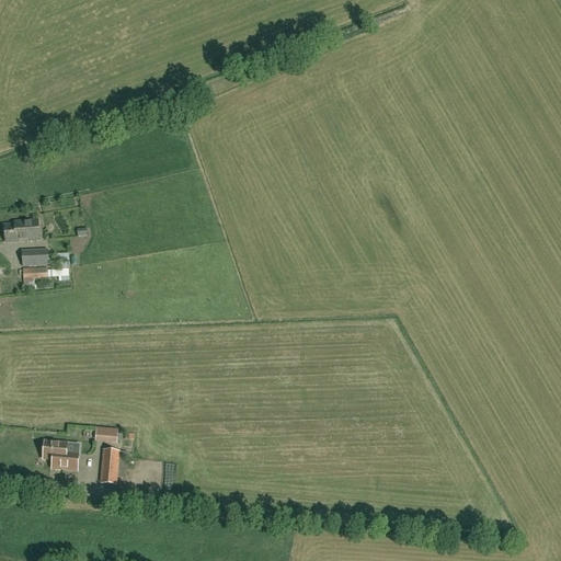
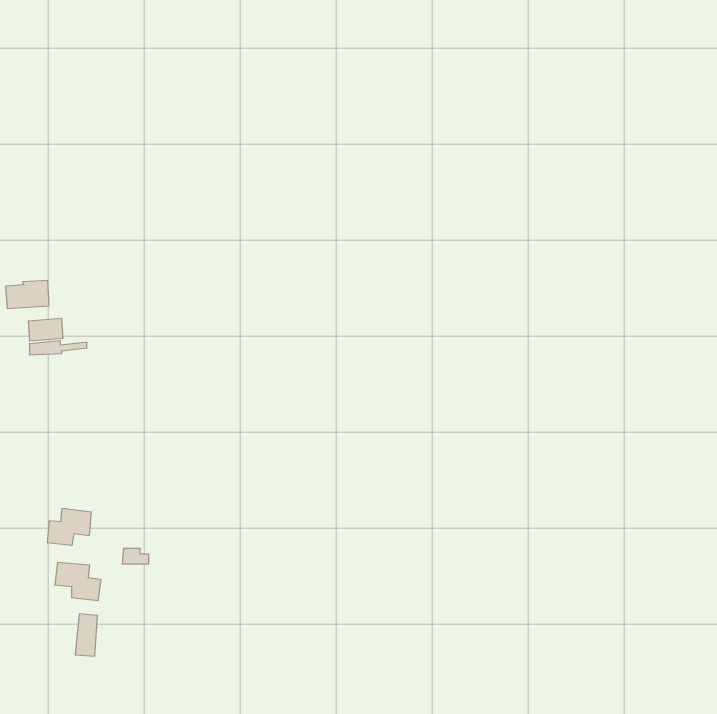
building: none -> [48,508,91,546]
building: [100,448,117,481] -> [75,614,97,656]

